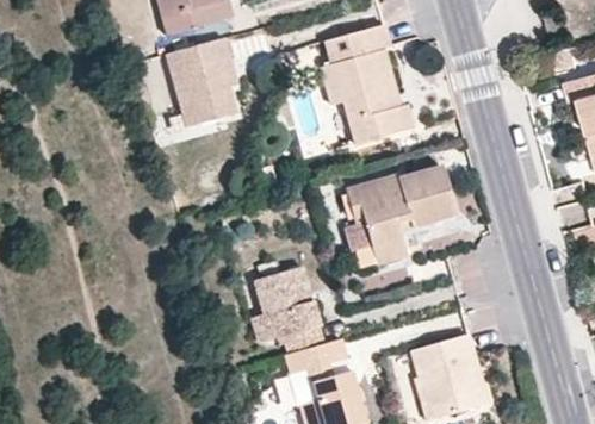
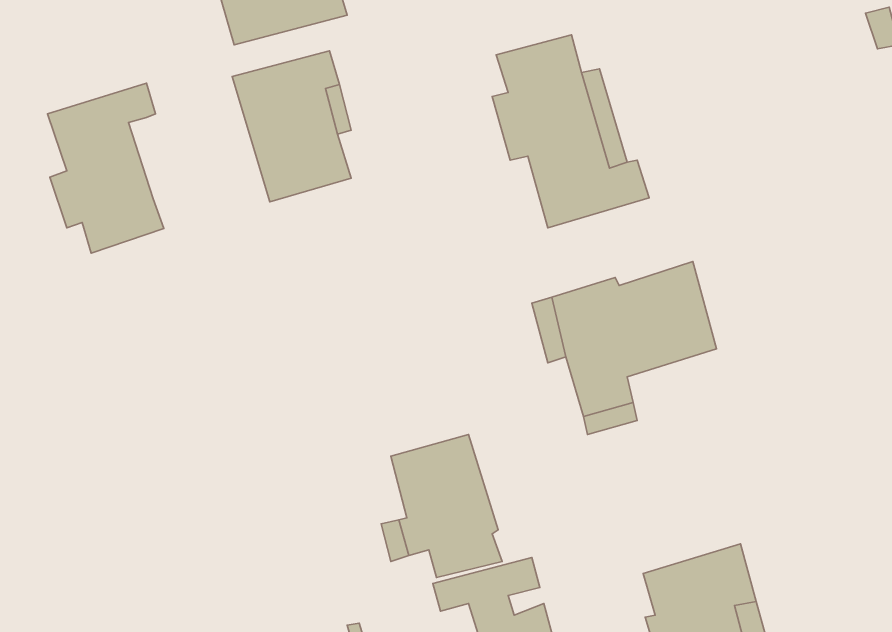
building: none -> [48,83,164,253]

